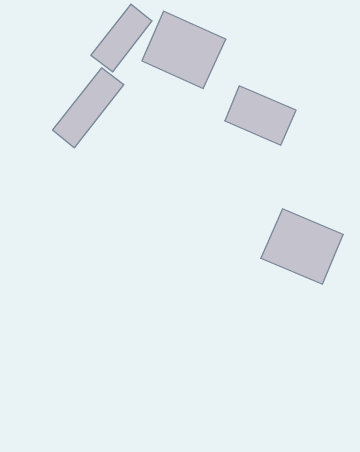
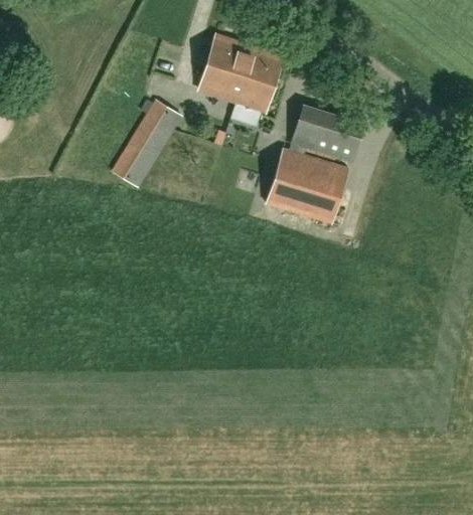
building: [91,4,152,72] -> none
building: [261,209,343,284] -> [265,148,348,222]

